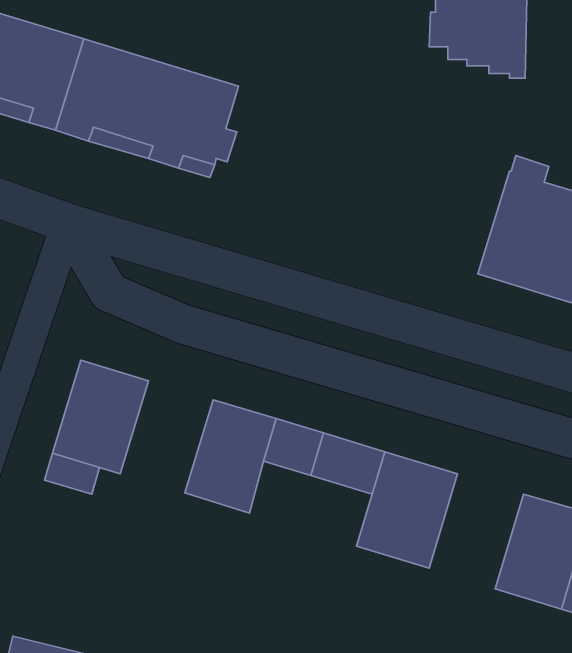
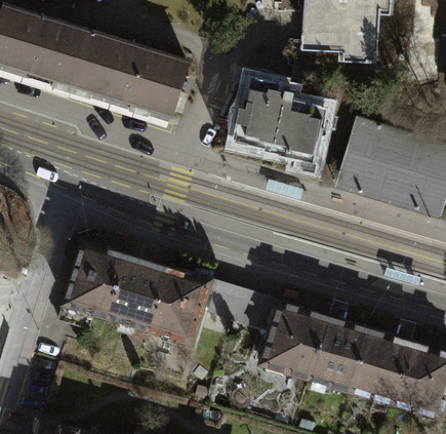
building: none -> [237,77,326,171]
building: none -> [109,254,169,327]
building: none -> [310,315,371,390]

